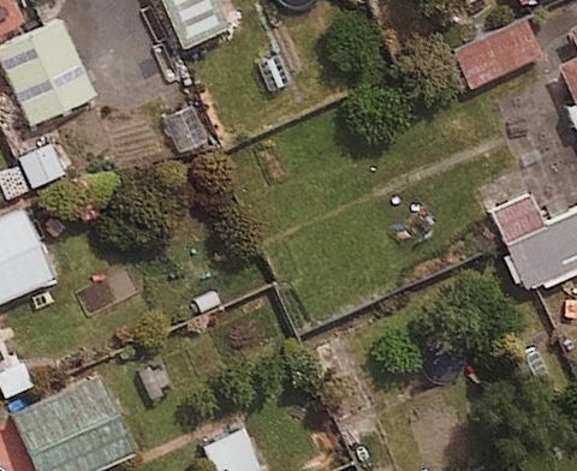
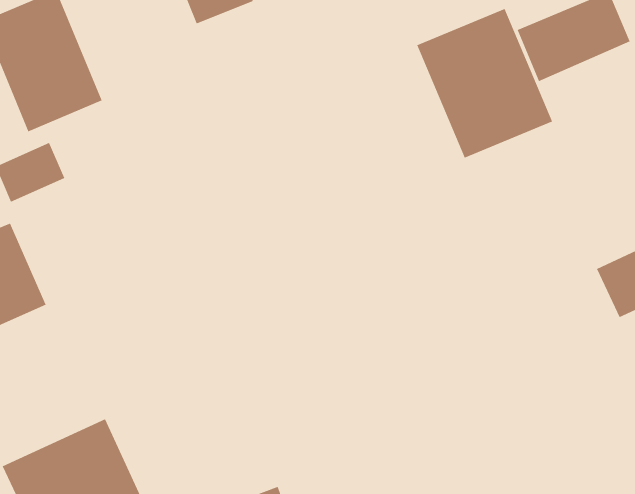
building: none -> [417,8,553,159]

